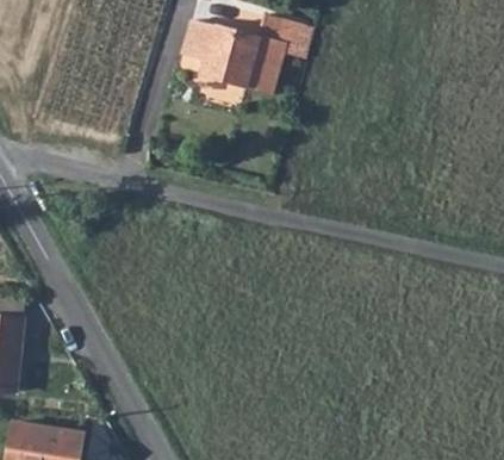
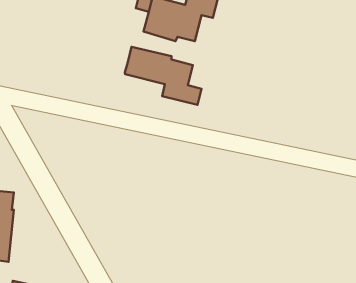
building: none -> [125,47,202,105]

